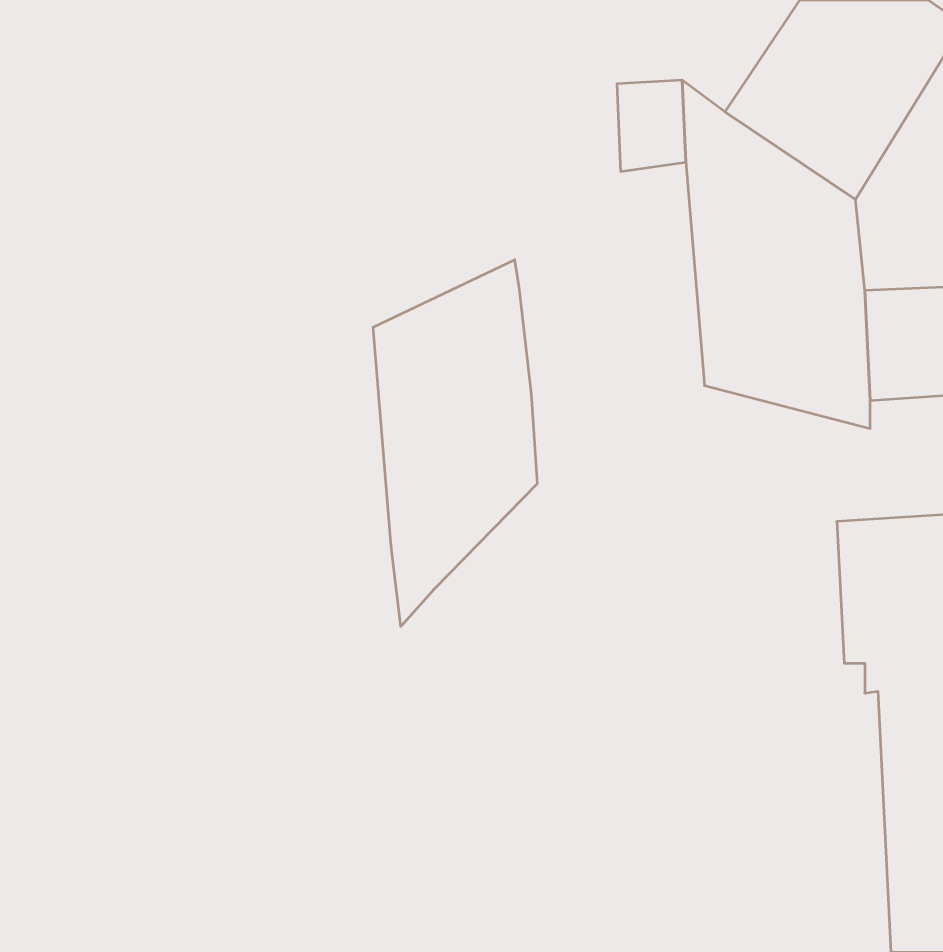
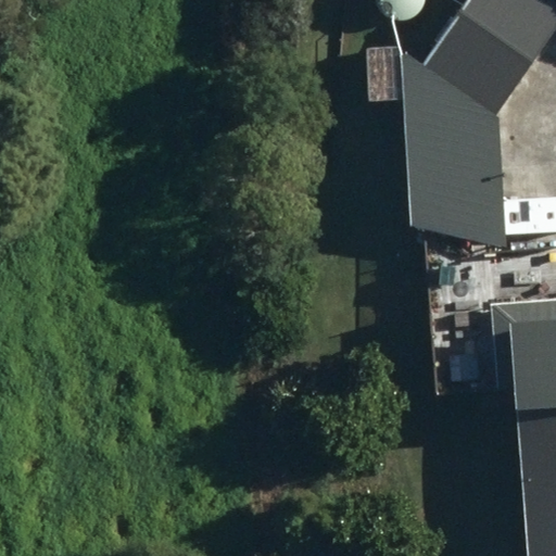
building: [373,260,537,626] -> none

